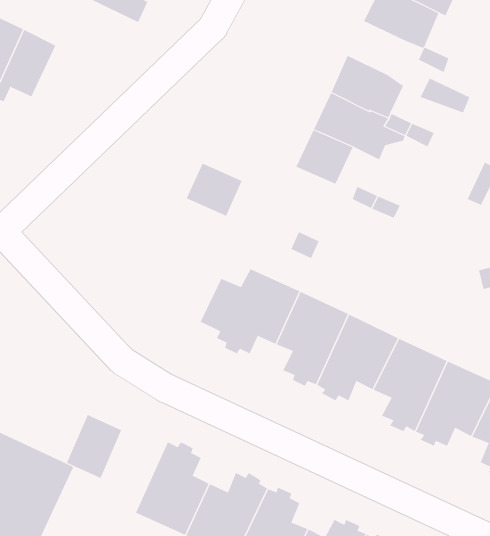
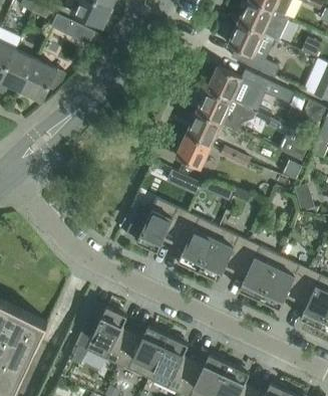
building: none -> [22,60,66,103]
building: [186,163,243,216] -> [176,136,211,169]
building: [66,414,122,479] -> none

